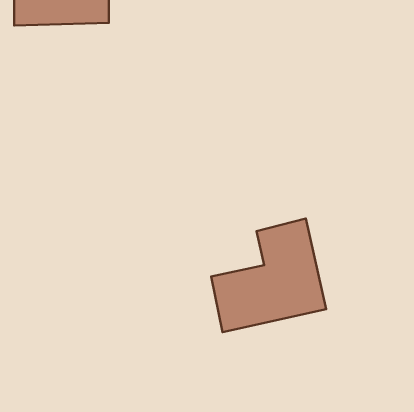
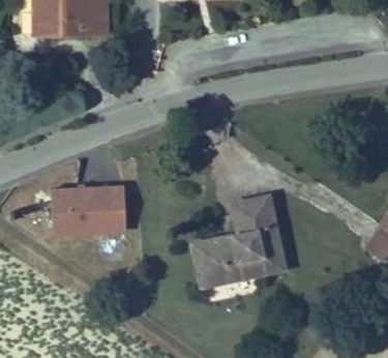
building: none -> [53,187,128,235]

